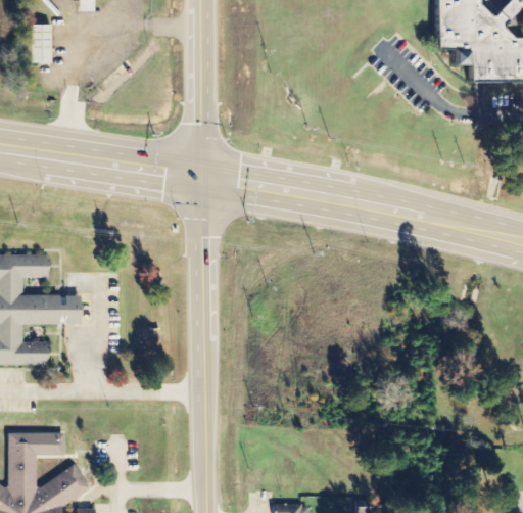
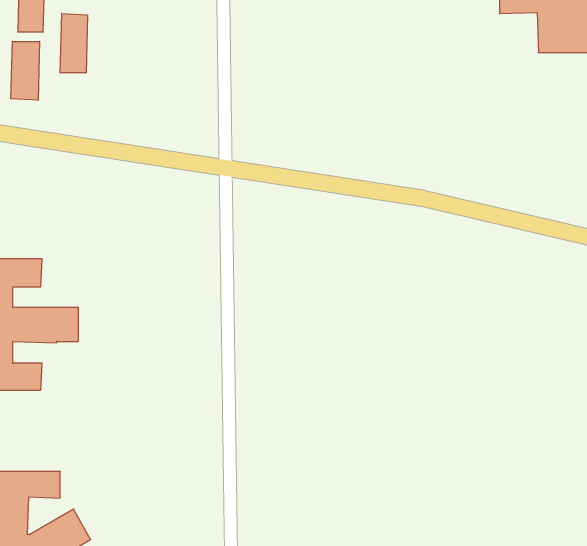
building: none -> [60,13,87,73]
building: none -> [11,41,40,100]

